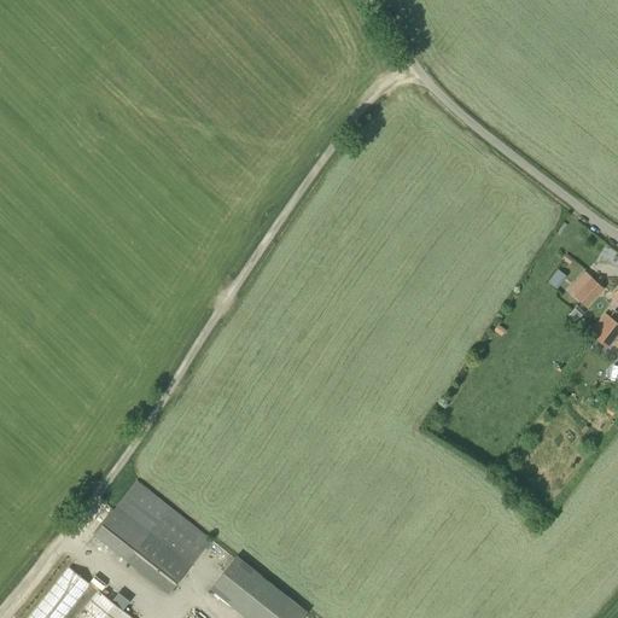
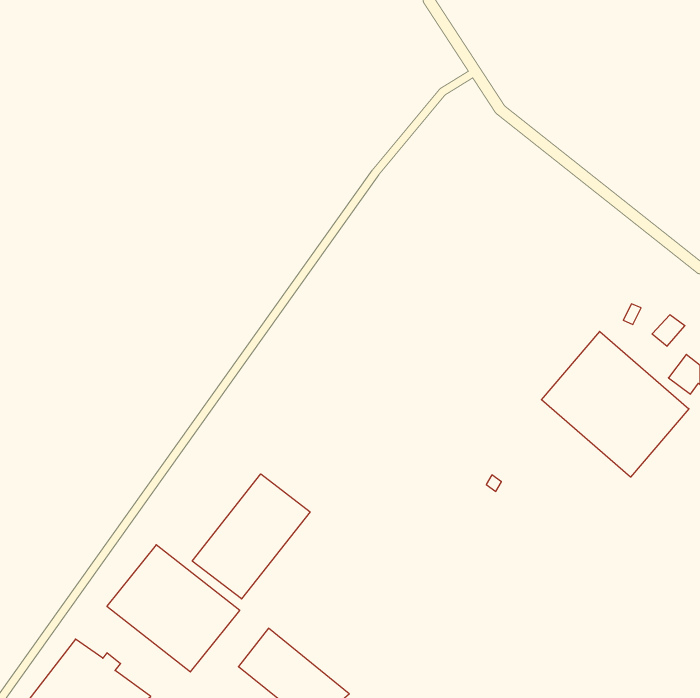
building: none -> [541,331,689,477]
building: none -> [192,474,310,599]

